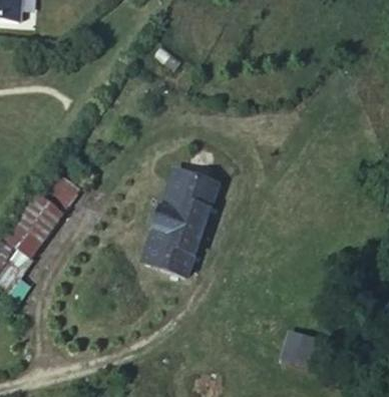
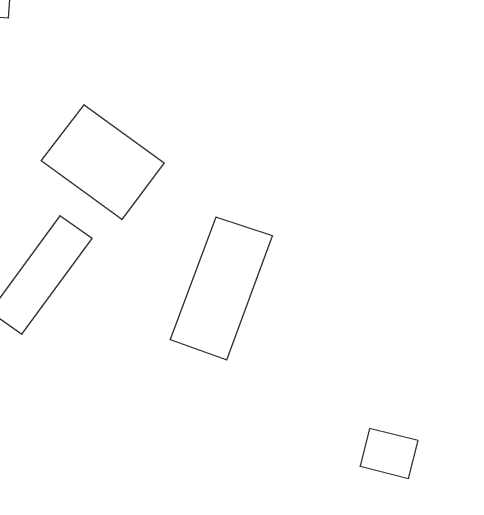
building: none -> [41,105,164,220]

